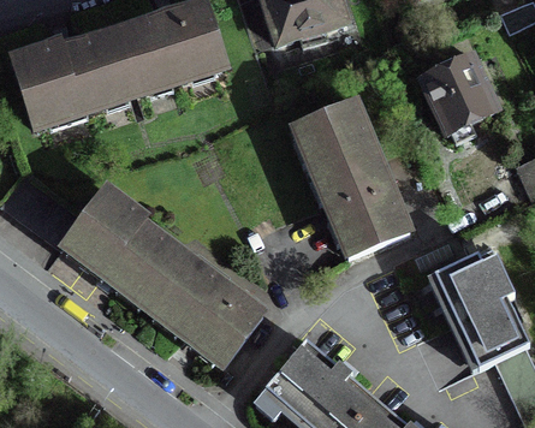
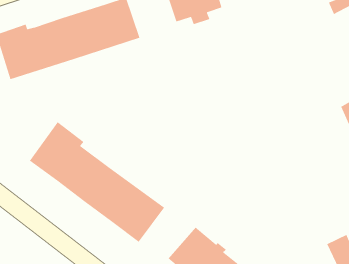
building: [422,58,494,142] -> none
building: [293,102,406,256] -> none
building: [434,255,521,368] -> none

